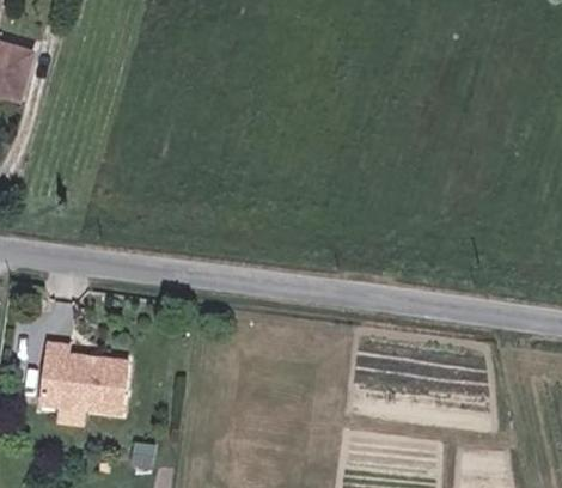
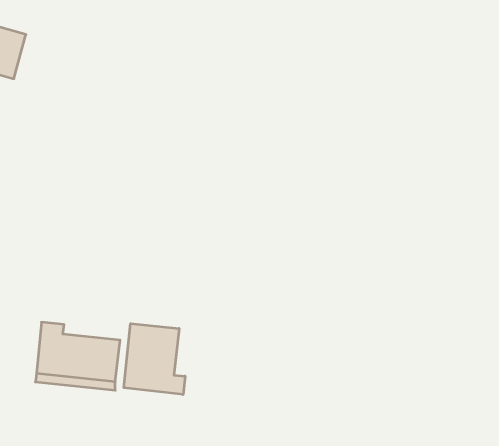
building: none -> [124,324,185,395]

